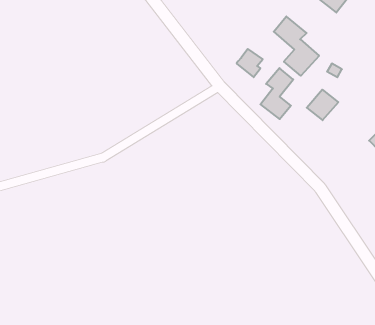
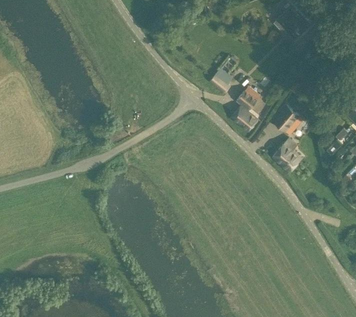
building: [274,16,319,76] -> none
building: none -> [273,137,302,171]

